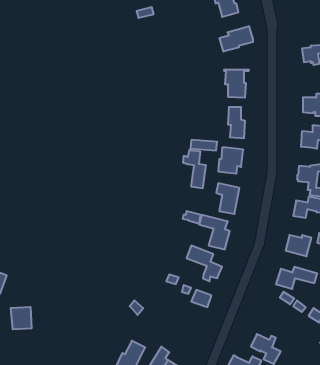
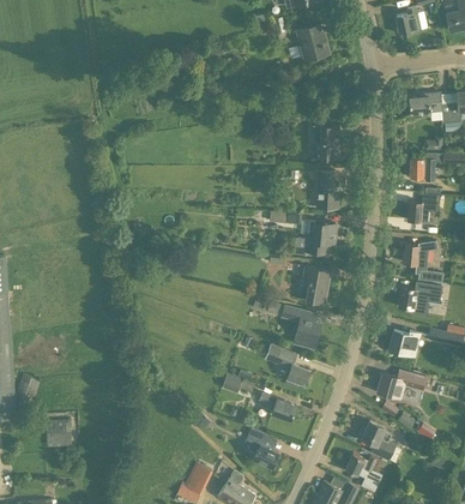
building: [220,26,253,52] -> none
building: [183,150,206,188] -> none
building: none -> [356,420,394,460]
building: none -> [243,427,277,467]

